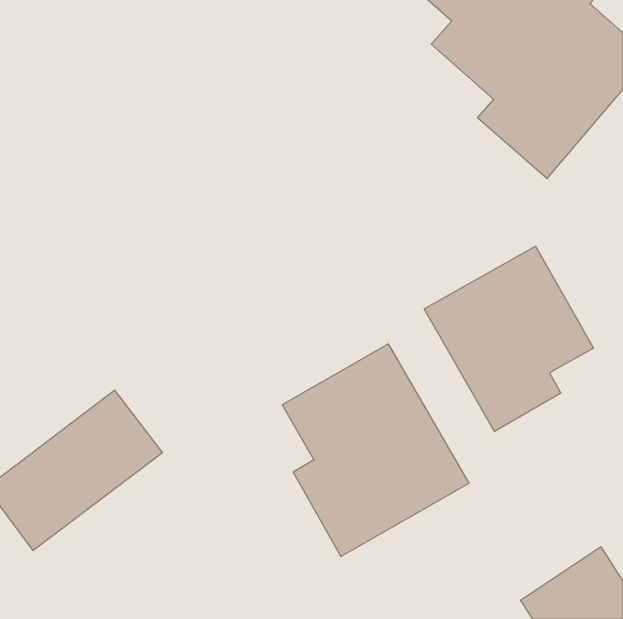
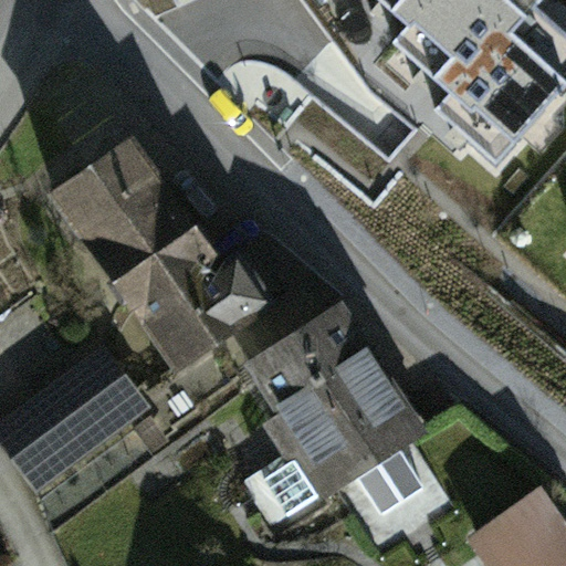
building: none -> [53,143,289,368]
building: [424,246,593,432] -> none

